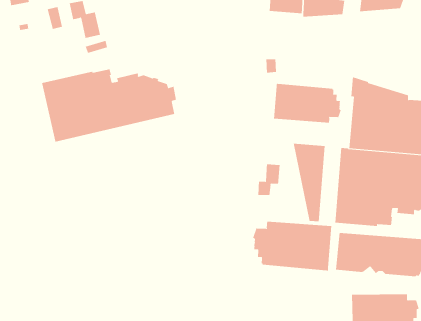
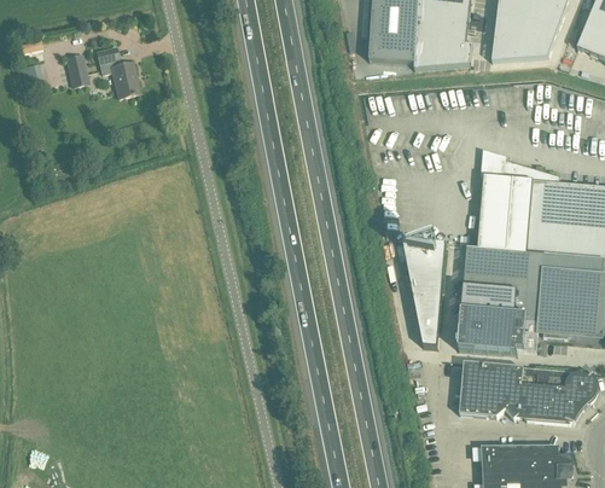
building: [41,69,176,142] -> none
building: [273,82,342,123] -> none
building: [258,164,280,196] -> none
building: [252,221,332,272] -> none

